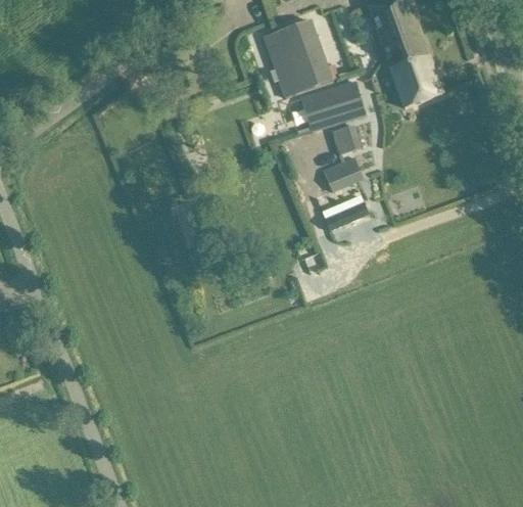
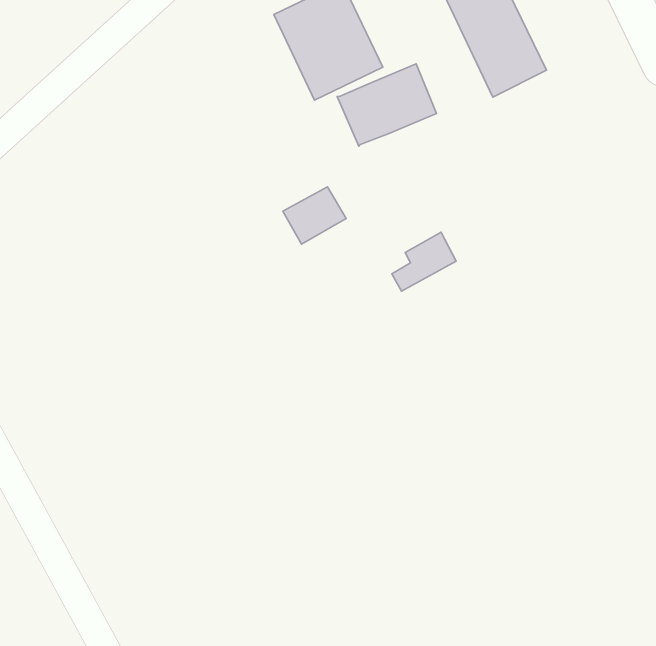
building: [331,123,360,153] -> none
building: [322,155,364,192] -> [283,187,346,244]

